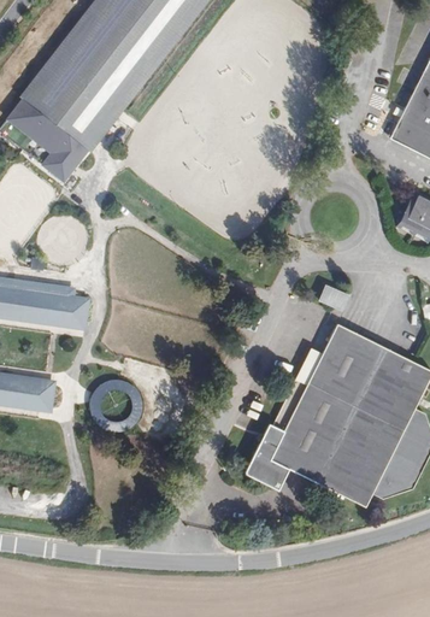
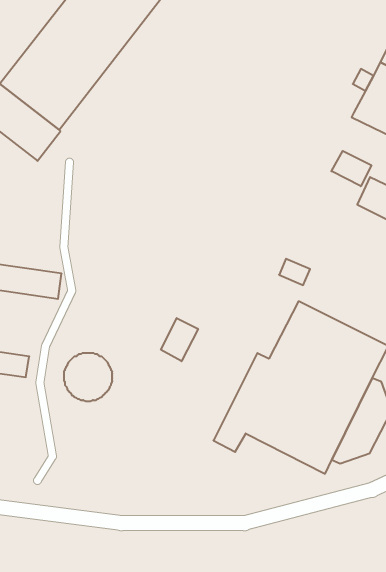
building: none -> [331,151,371,186]
building: none -> [161,318,198,361]

